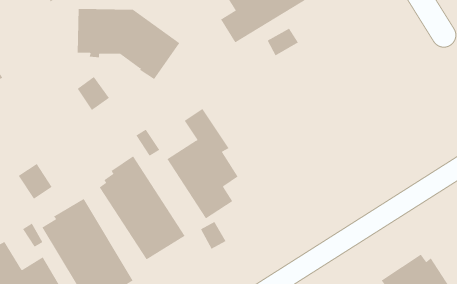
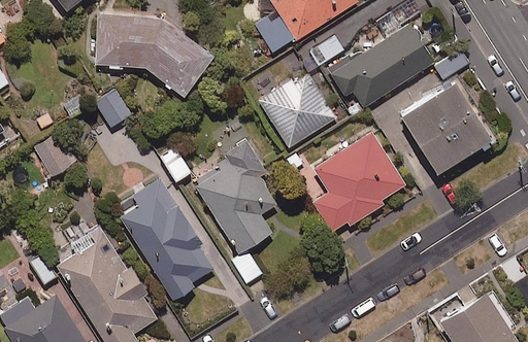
building: none -> [329,24,434,108]
building: none -> [258,72,336,150]
building: none -> [400,80,491,172]
building: none -> [311,133,405,233]
building: [18,163,53,200] -> [34,137,73,178]

